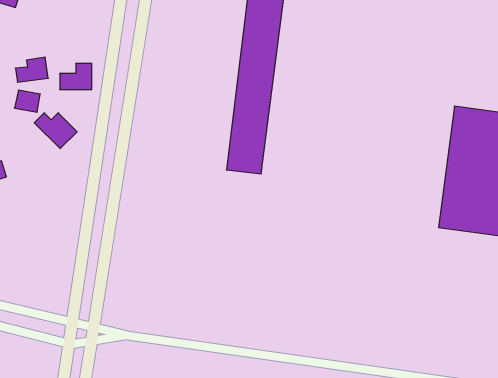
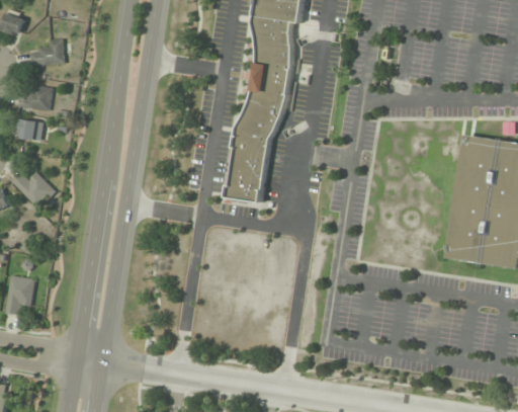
building: [60,63,92,89] -> [30,38,63,65]
building: [34,113,77,149] -> [12,172,56,209]
building: none -> [8,277,32,314]

